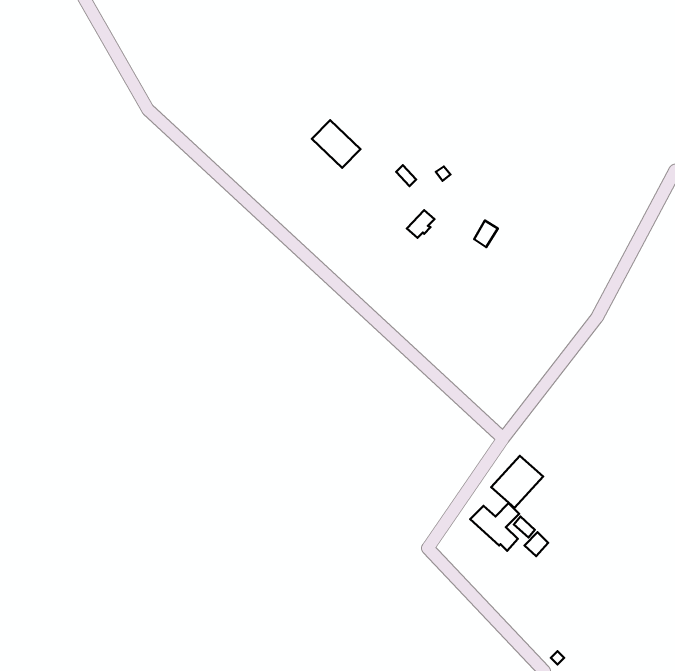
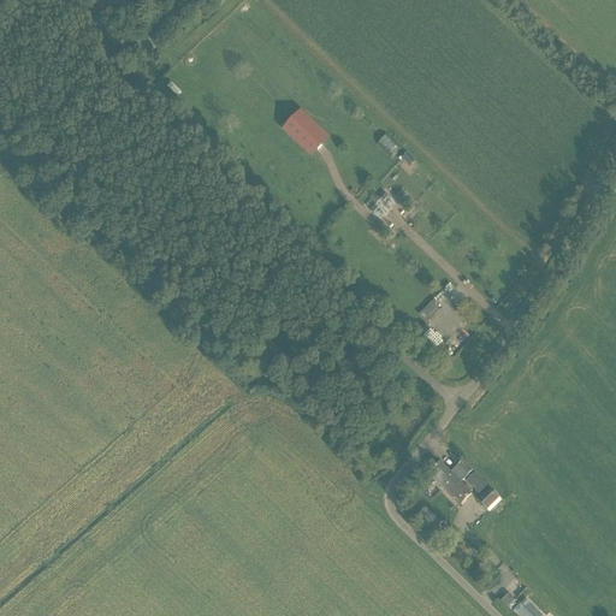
building: [491,456,543,508] -> none

